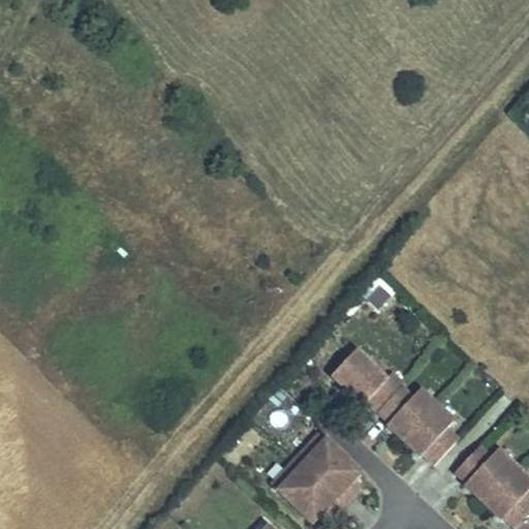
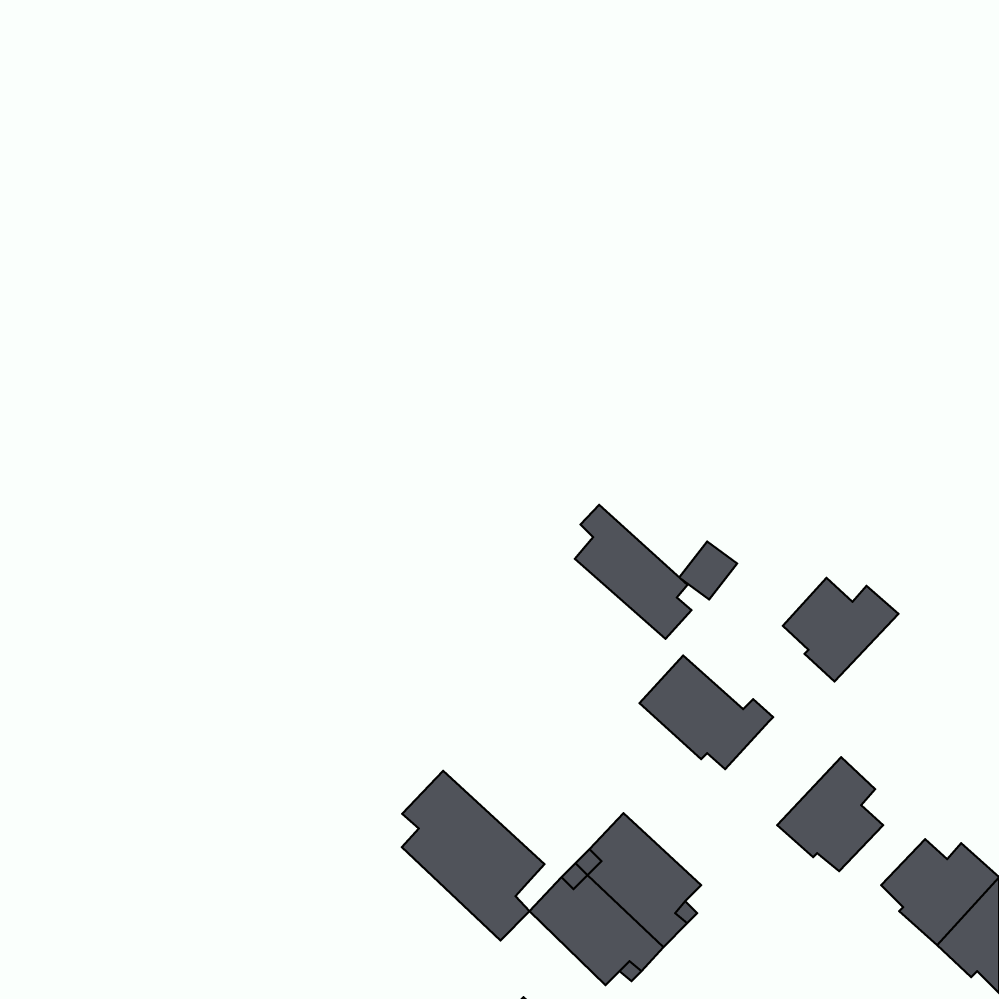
building: none -> [575,505,692,639]
building: [375,384,435,438] -> [783,578,899,682]
building: none -> [402,771,544,941]

